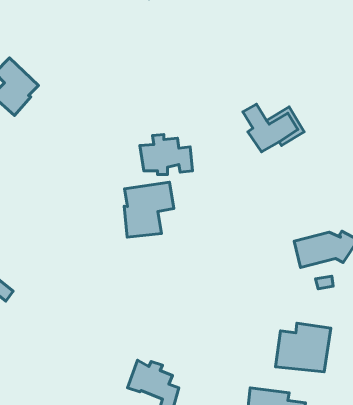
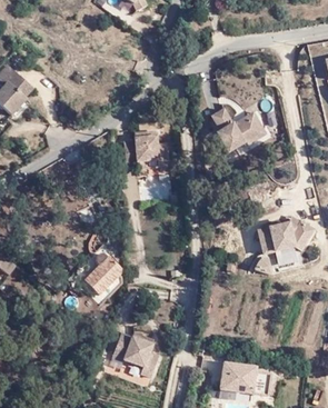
building: [124,182,174,237] -> none
building: none -> [78,253,117,296]
building: [276,323,331,372] -> none

